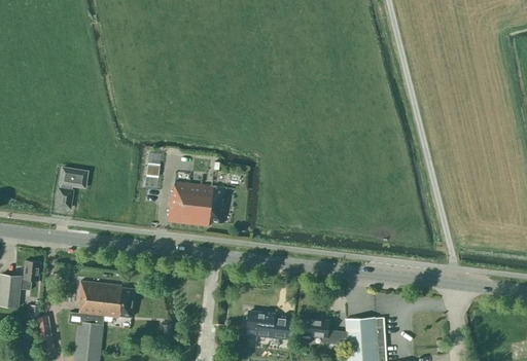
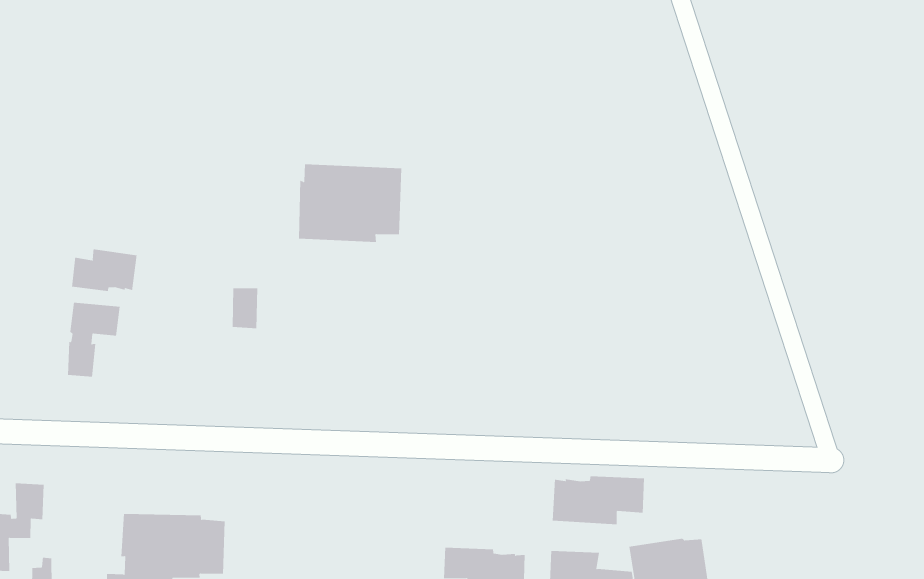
building: none -> [71,248,137,292]
building: [168,182,225,226] -> [298,164,402,242]
building: none -> [552,476,644,525]

